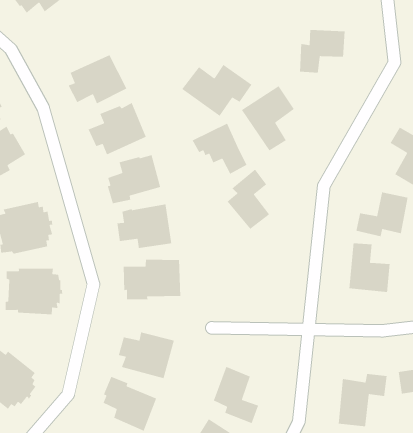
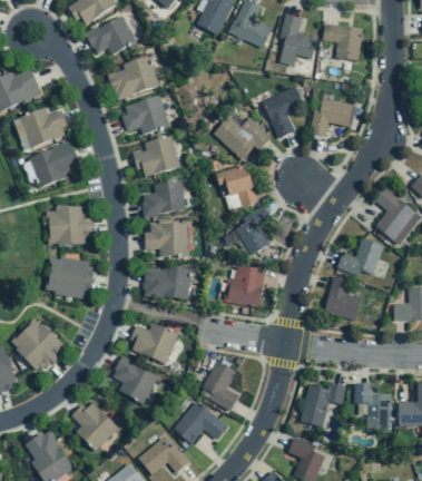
building: none -> [106,56,158,100]
building: [241,85,295,151] -> [261,86,304,138]
building: none -> [224,266,264,307]

